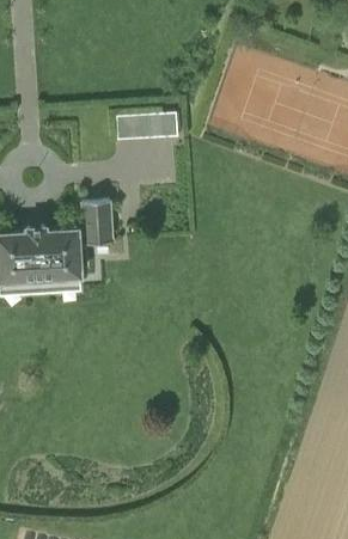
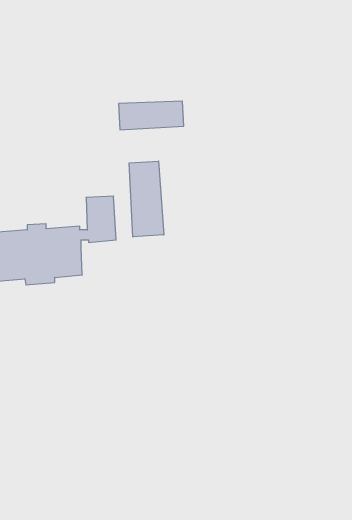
building: none -> [129,161,164,237]

